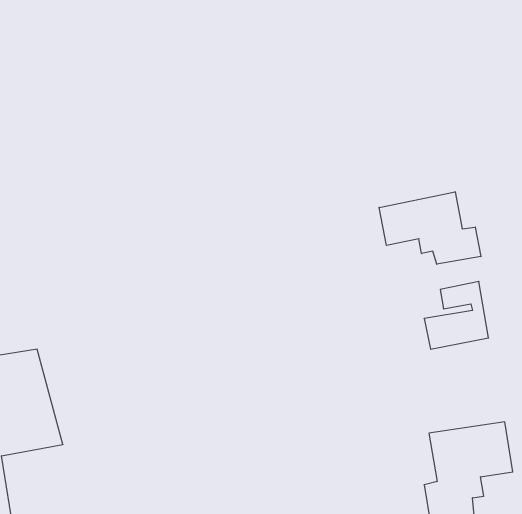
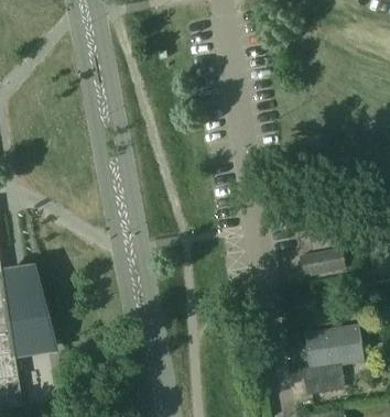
building: [379,192,481,264] -> none

